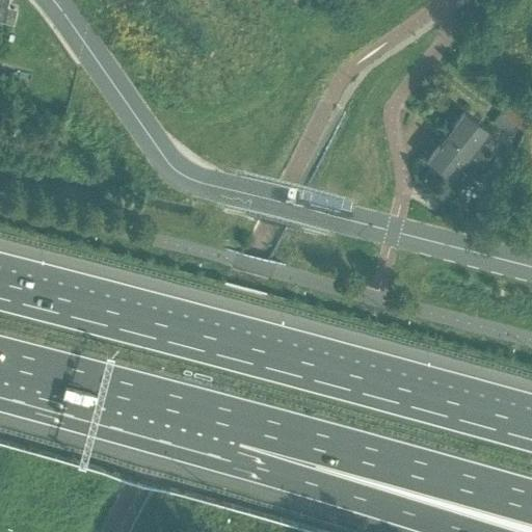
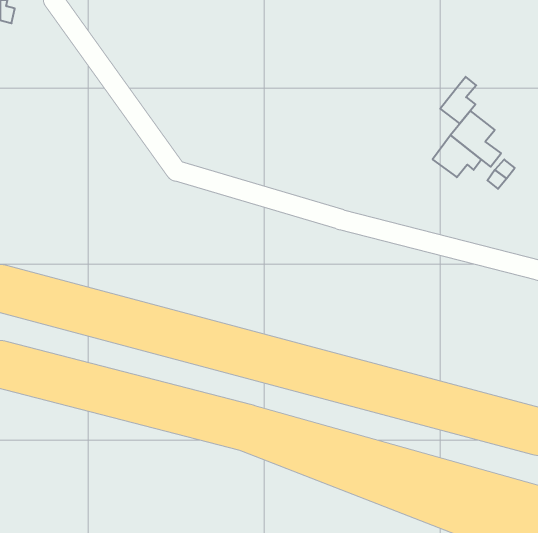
building: none -> [440,77,476,124]

